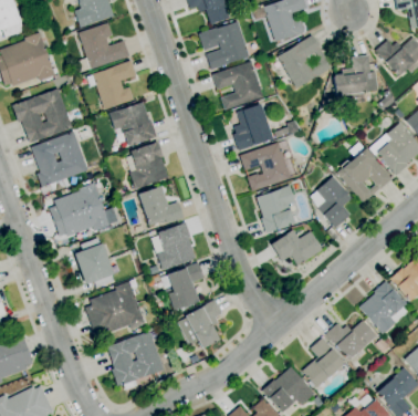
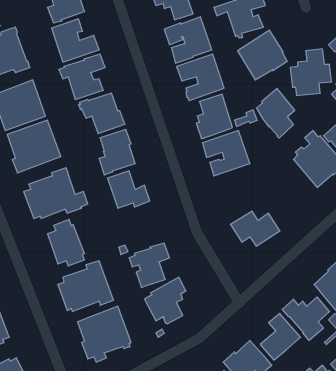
building: [311,176,352,229] -> [256,88,295,138]
building: [257,185,295,233] -> none
building: [150,222,196,271] -> none

